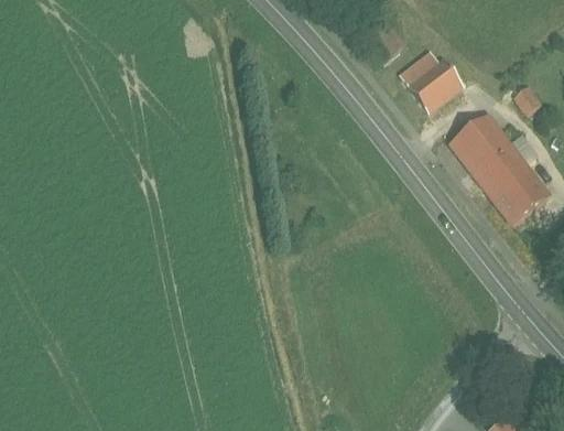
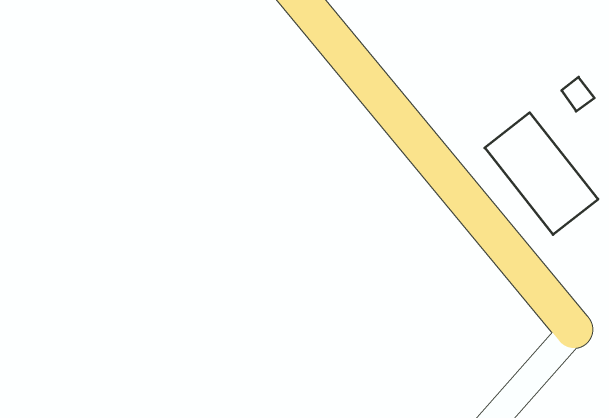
building: [398,47,465,116] -> none

